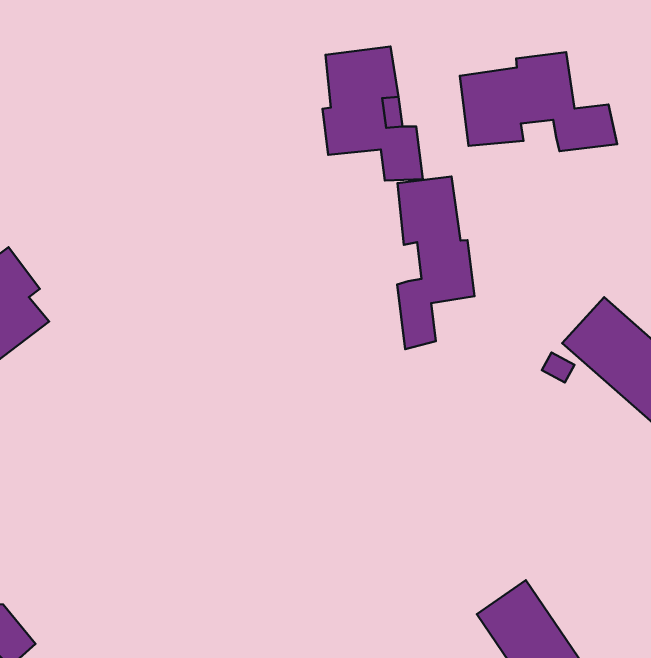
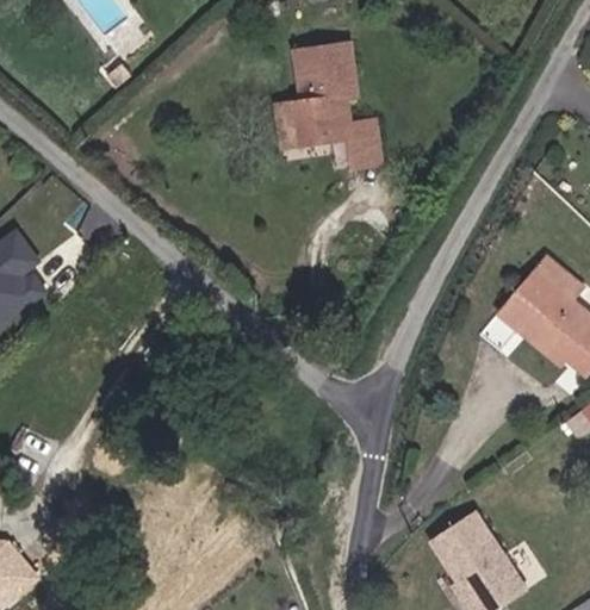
building: [460,52,617,151] -> none
building: [397,176,475,349] -> none

